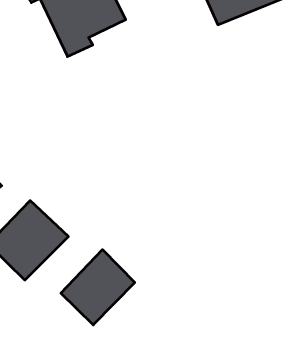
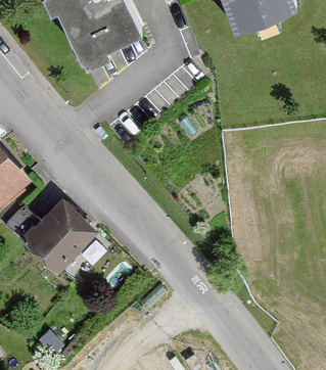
building: [61,250,135,325] -> none

